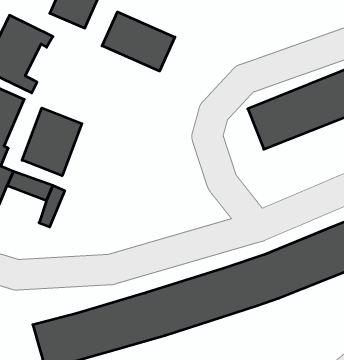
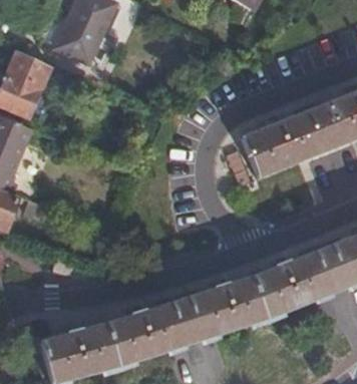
building: [102,12,175,71] -> none
building: [22,108,82,176] -> none

